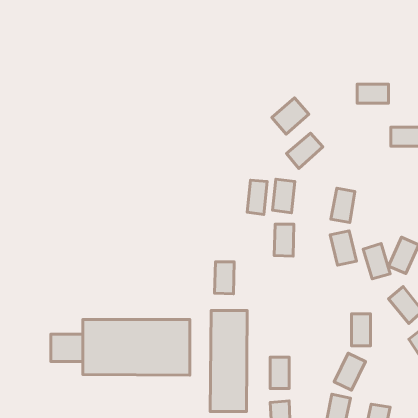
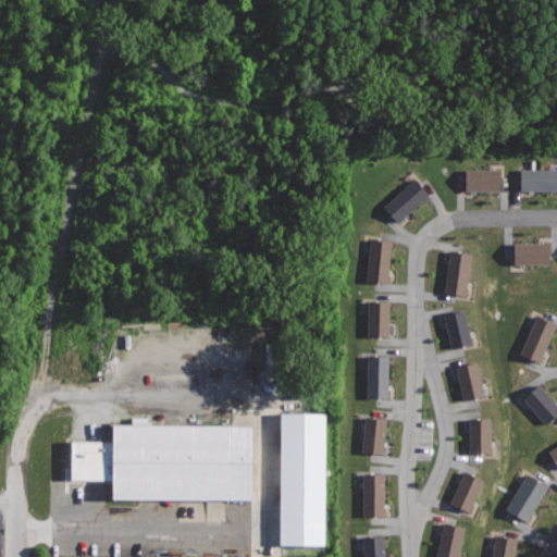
building: [357,84,388,103] -> [461,170,503,195]
building: [272,98,309,134] -> none
building: [247,180,267,214] -> none
building: none -> [509,243,552,268]
building: [363,243,390,279] -> [450,358,486,405]
building: [215,262,234,294] -> [364,357,391,399]
building: none -> [359,416,388,459]
building: none -> [504,476,547,525]

